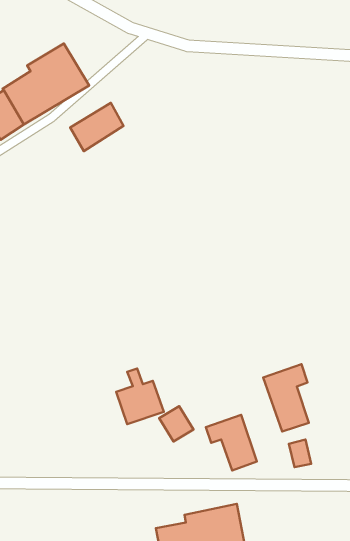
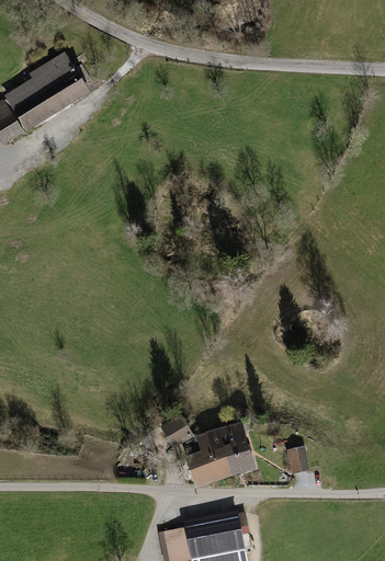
building: [70,103,123,151] -> none
building: [263,364,309,431] -> none
building: [116,369,164,424] -> [184,432,231,486]

